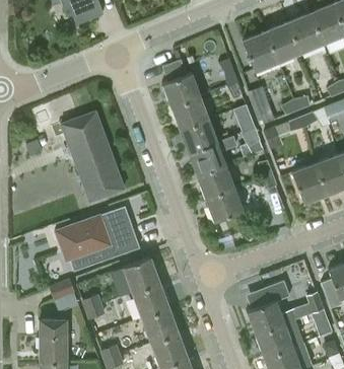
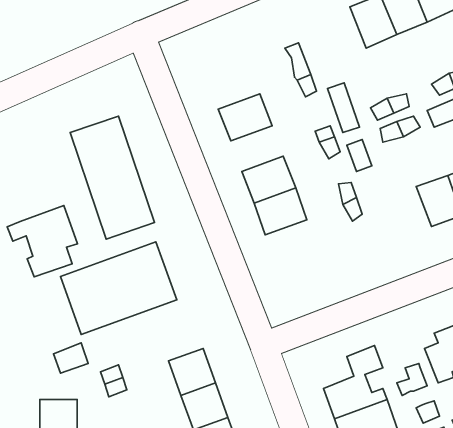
building: [244,32,279,72] -> none
building: [162,73,201,107] -> none
building: [180,120,218,153] -> none
building: [292,164,327,203] -> none
building: none -> [7,206,77,277]
building: [205,189,245,223] -> none
building: [124,257,159,292] -> none

